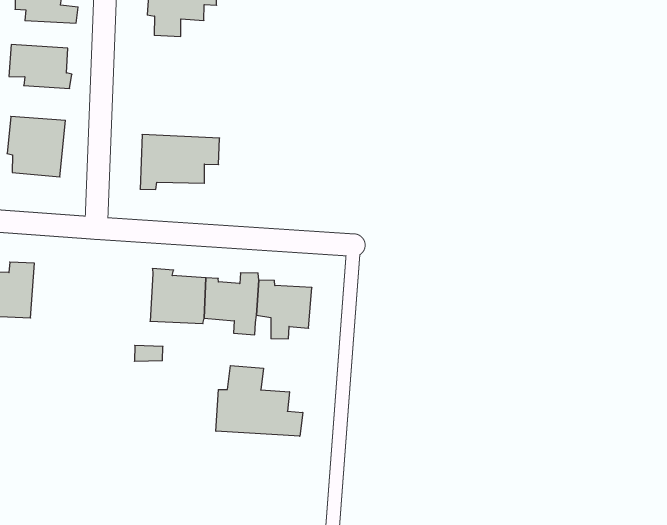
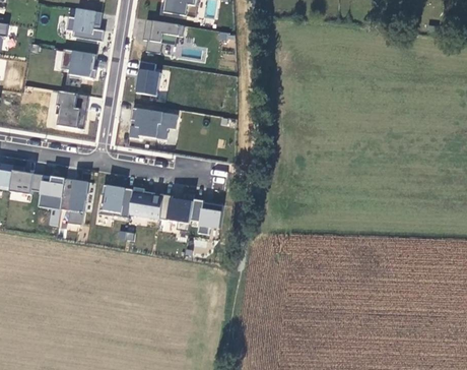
building: none -> [135,60,160,96]
building: none -> [60,177,88,224]
building: none -> [98,184,133,218]
building: [216,366,303,436] -> none

